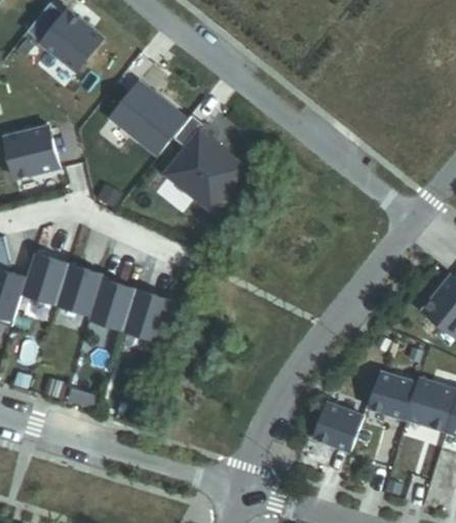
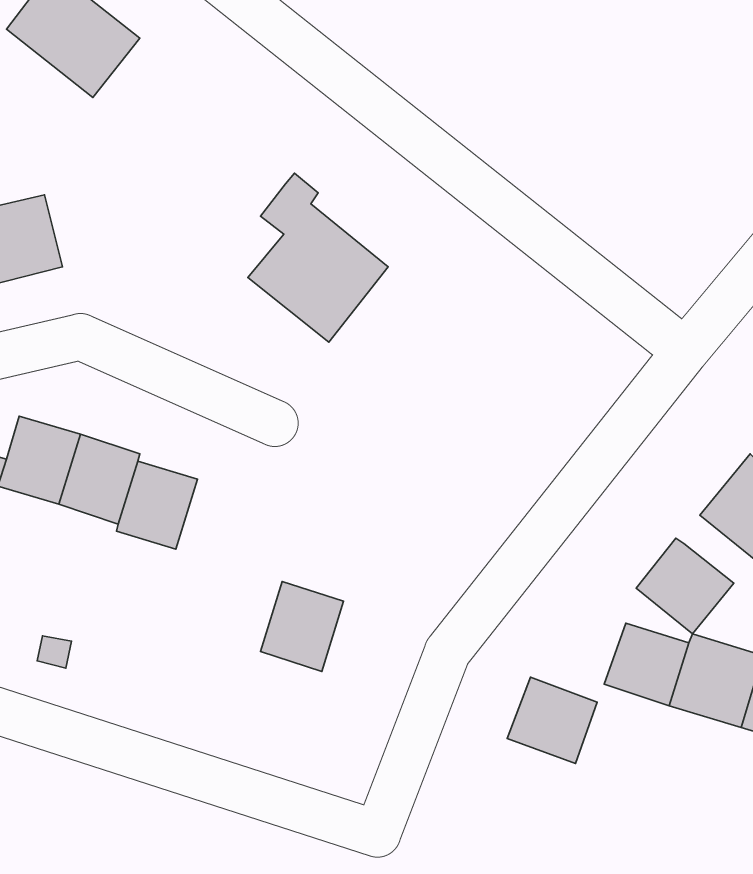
building: [109,82,185,156] -> none
building: [122,289,169,340] -> [261,581,343,671]
building: none -> [636,538,734,634]

